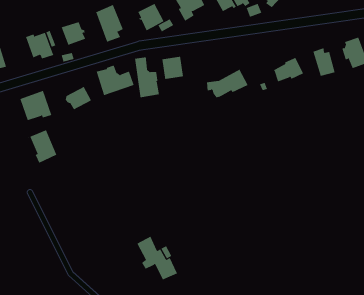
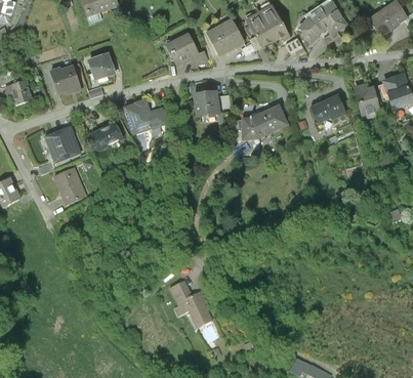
building: [96,4,123,42] -> none
building: [135,57,159,98] -> none

